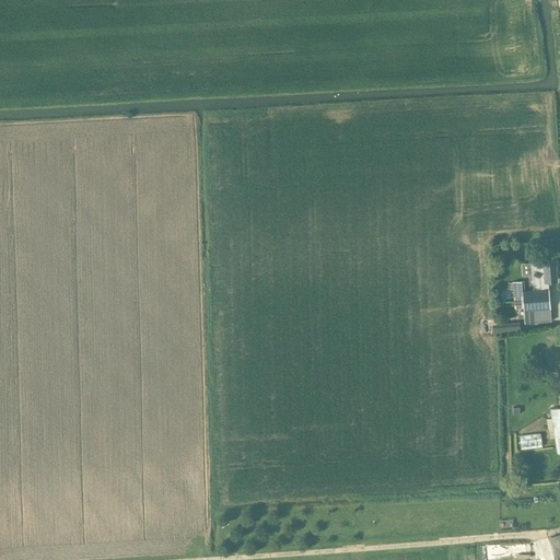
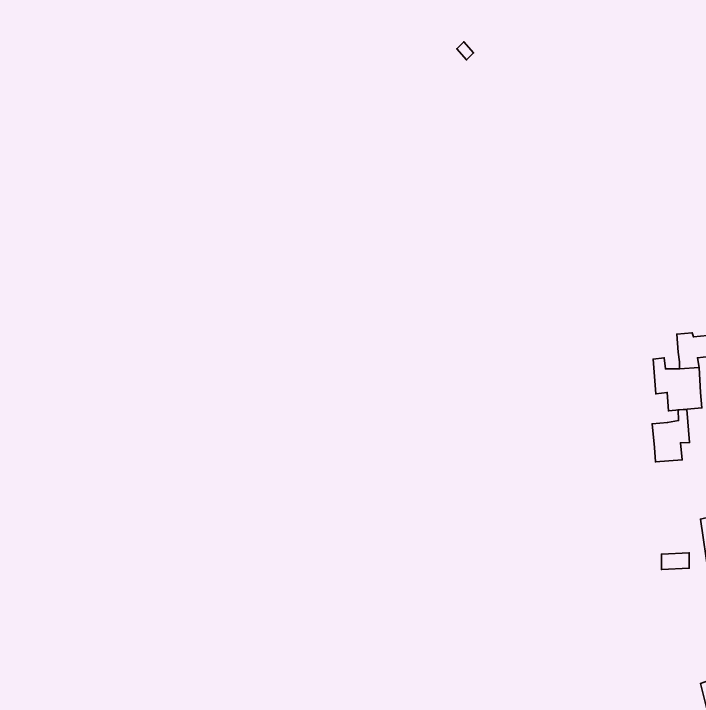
building: none -> [652,410,690,462]

